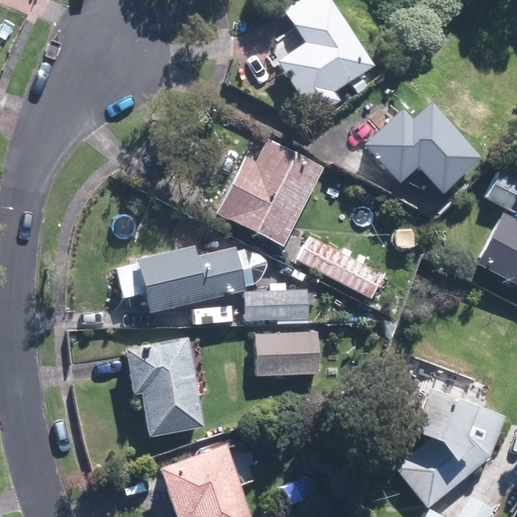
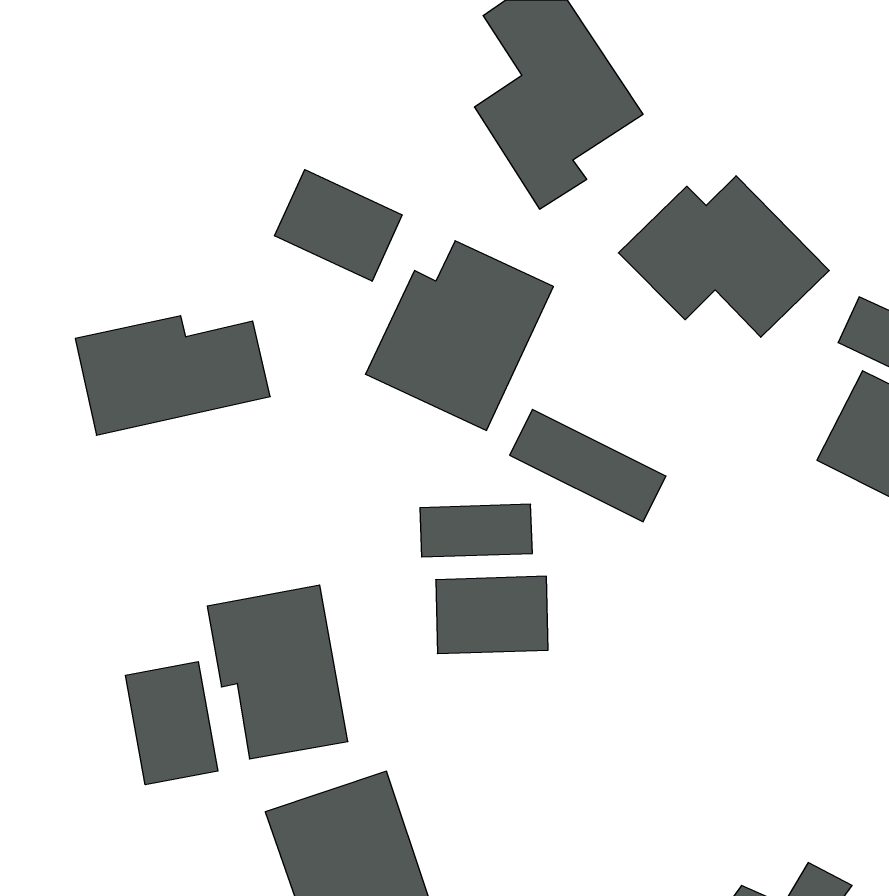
building: none -> [275,170,402,281]
building: [135,244,247,313] -> [75,316,270,435]
building: none -> [126,662,218,785]
building: [394,386,506,510] -> none

